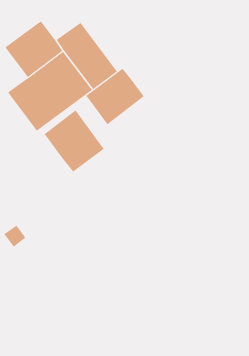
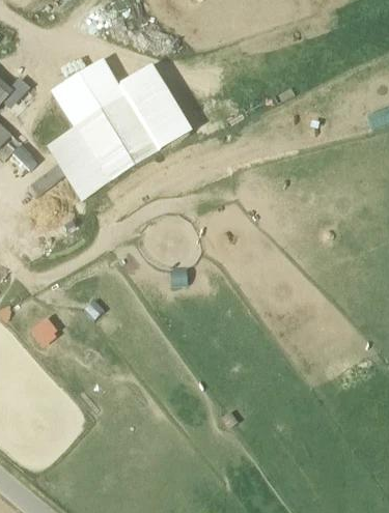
building: [86,68,144,125] -> none
building: [44,110,104,173] -> none

